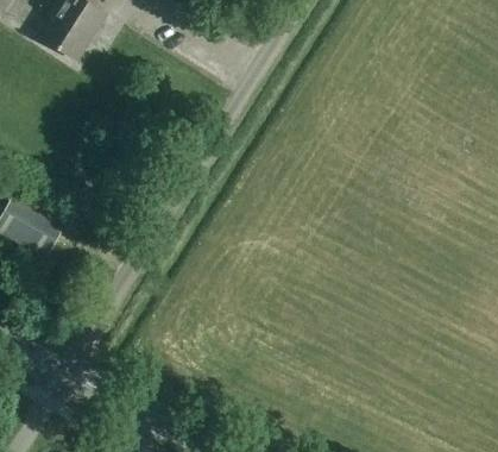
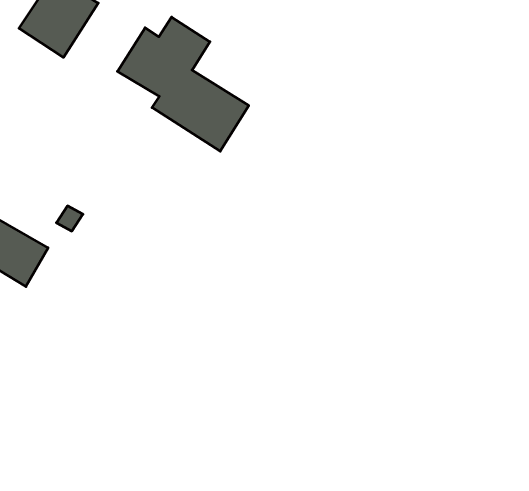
building: none -> [117,17,249,151]

